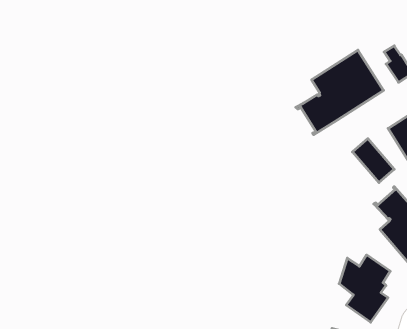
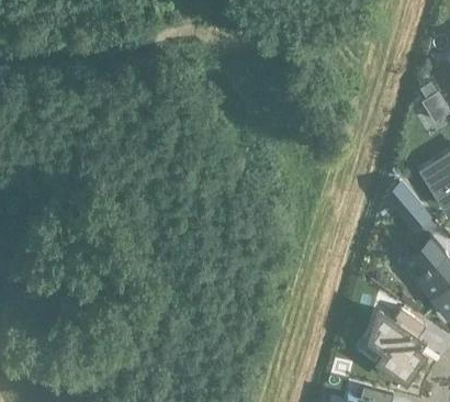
building: [296,50,384,135] -> none

